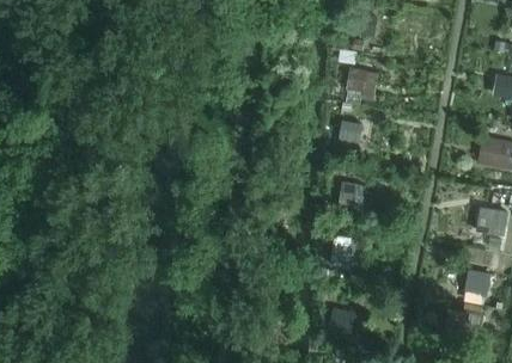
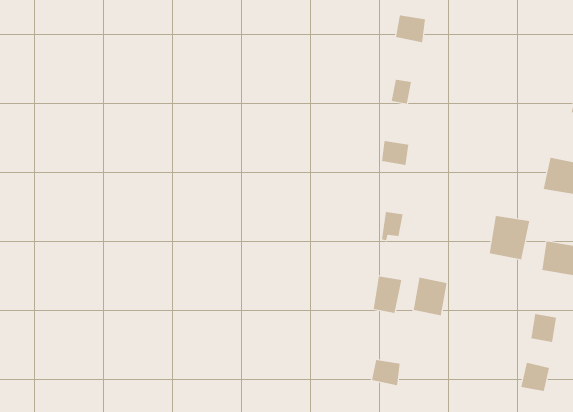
building: none -> [489,215,530,260]
building: none -> [413,277,447,316]

